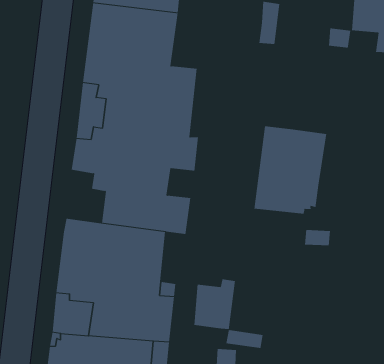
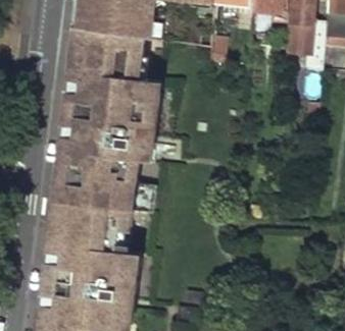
building: [254,125,327,214] -> none
building: none -> [54,163,86,206]
building: [194,279,235,330] -> none

